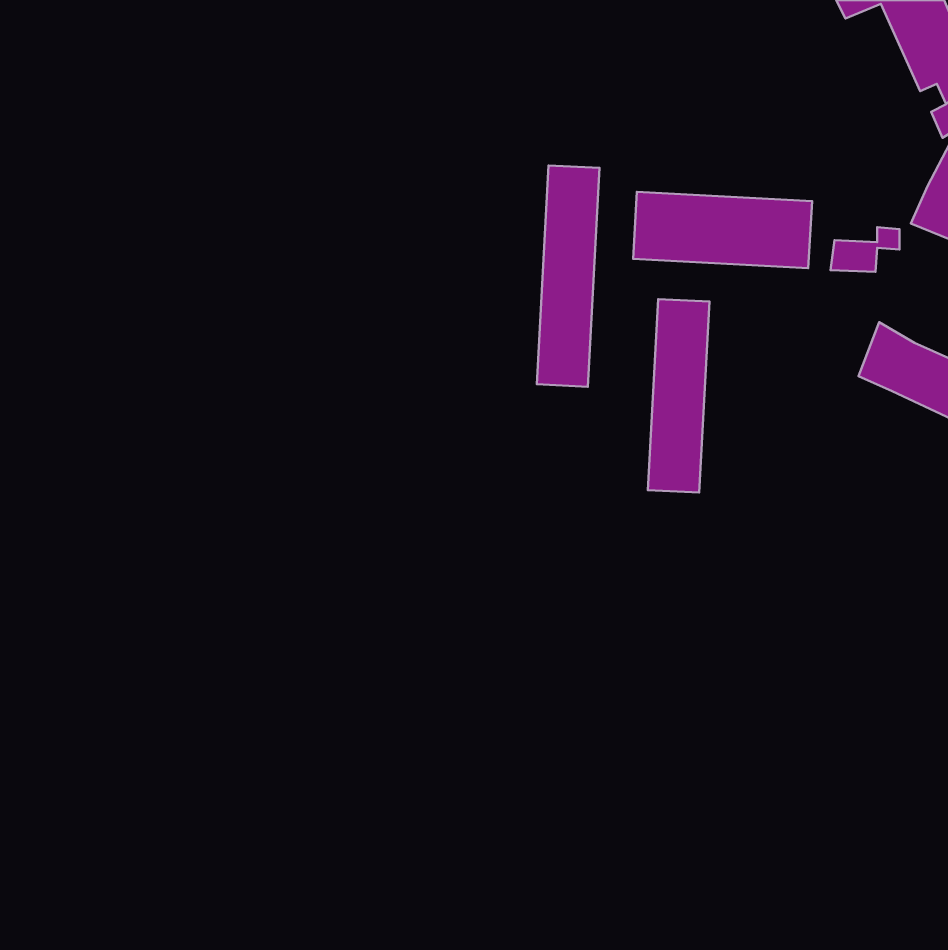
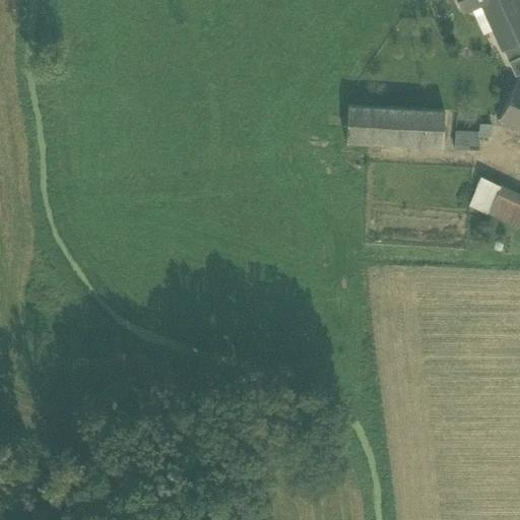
building: [537,165,599,387] -> none
building: [648,299,709,493] -> none

